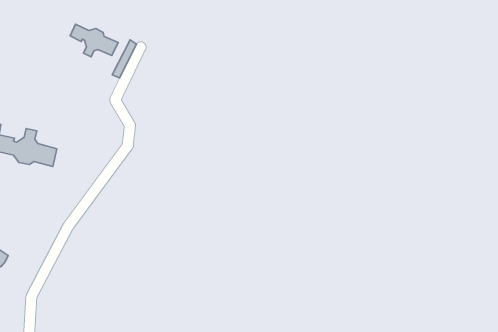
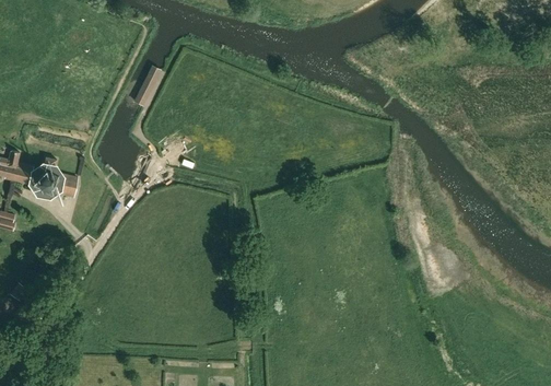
building: [70,24,118,57] -> none

